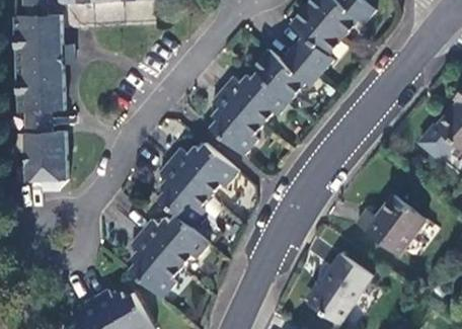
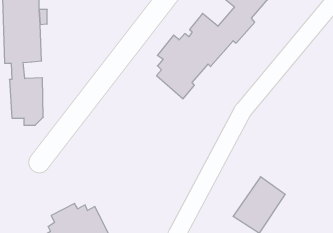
building: [130,144,238,299] -> none
building: [357,195,426,256] -> none

